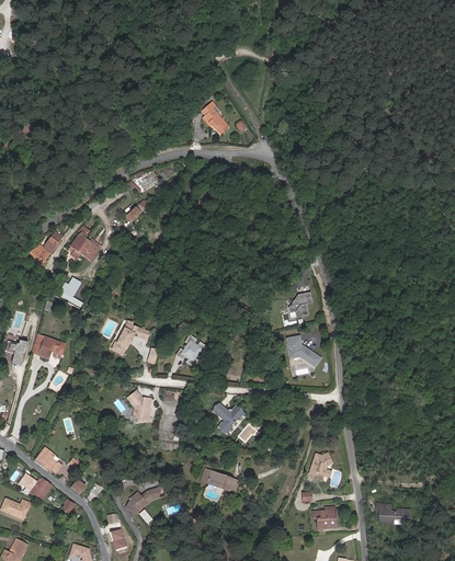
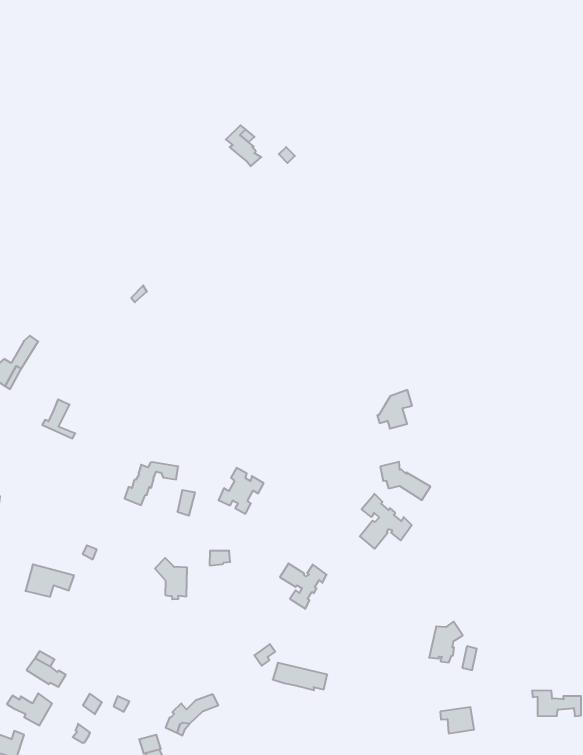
building: [69,227,101,260] -> none
building: [32,335,66,358] -> [25,564,74,597]
building: none -> [360,494,412,549]

